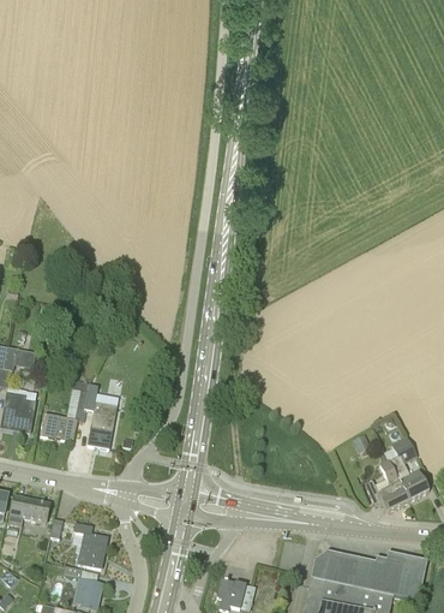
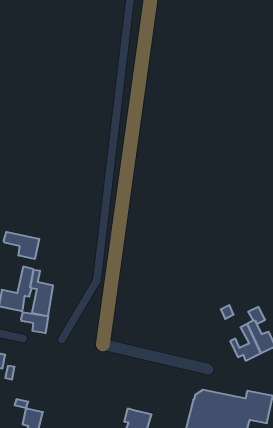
building: none -> [4,232,39,259]
building: none -> [21,312,48,333]
building: [72,522,107,567] -> none

